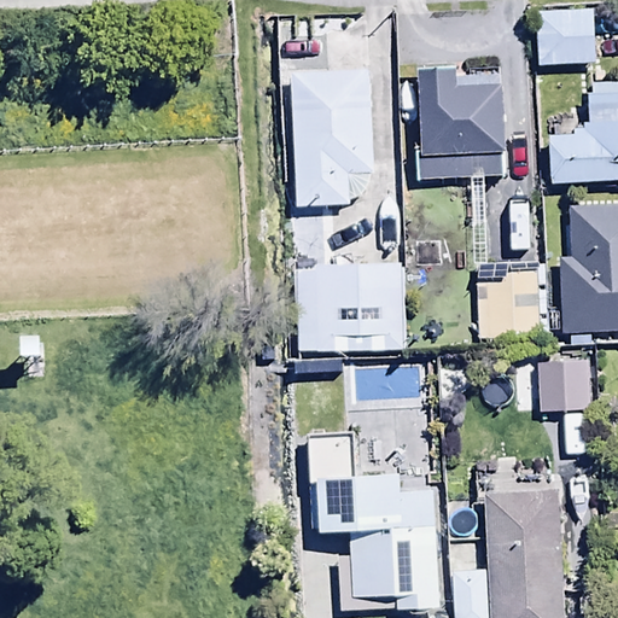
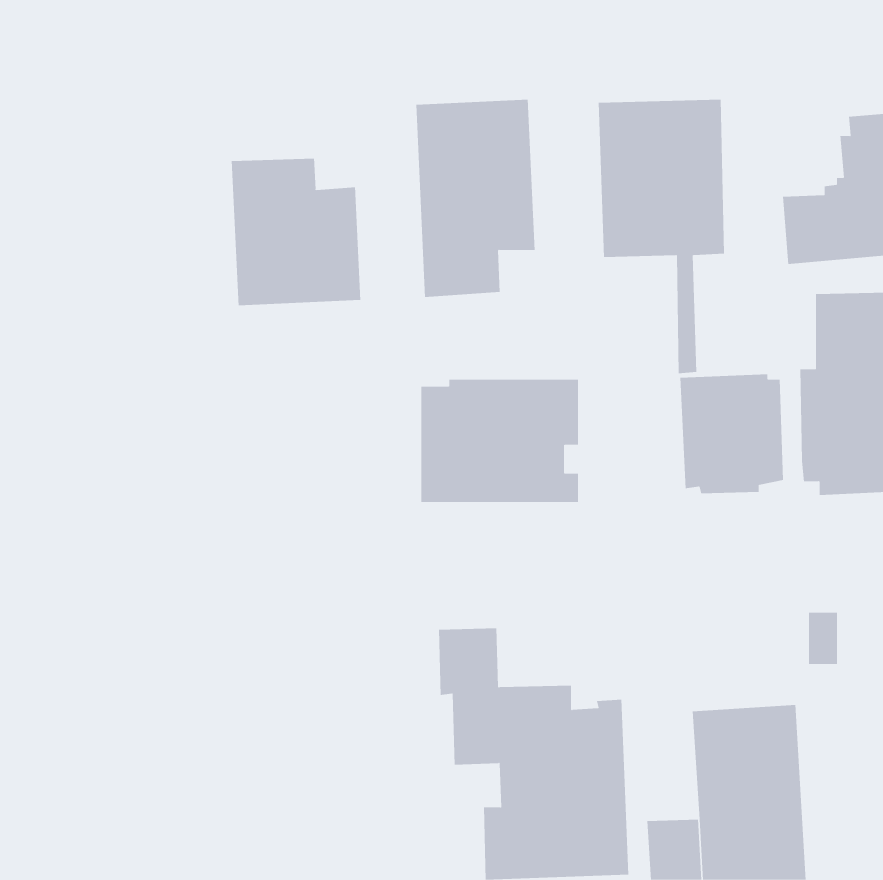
building: [535,11,595,64] -> none
building: none -> [231,158,361,306]
building: [540,366,588,410] -> none

